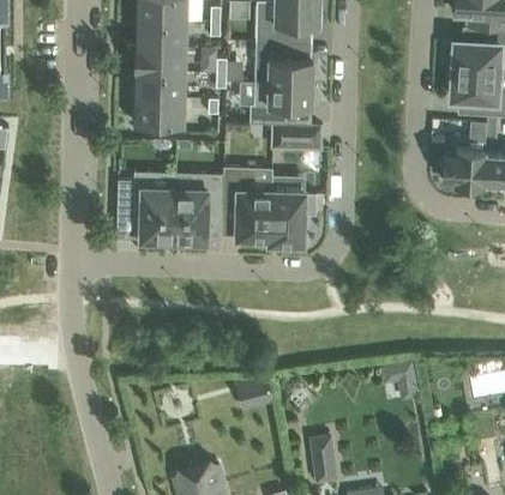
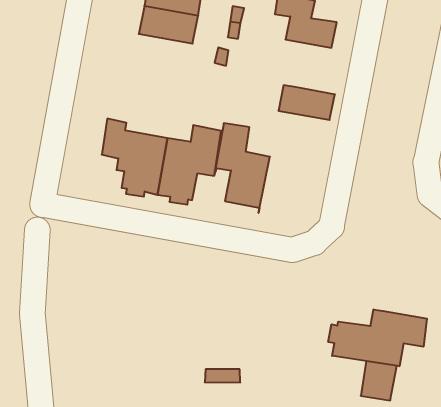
building: [250,83,317,125] -> none
building: [133,98,185,131] -> none
building: [270,192,317,245] -> none
building: none -> [328,309,427,366]

